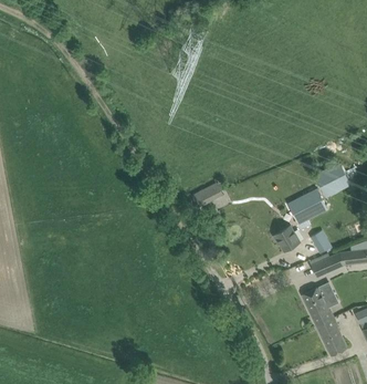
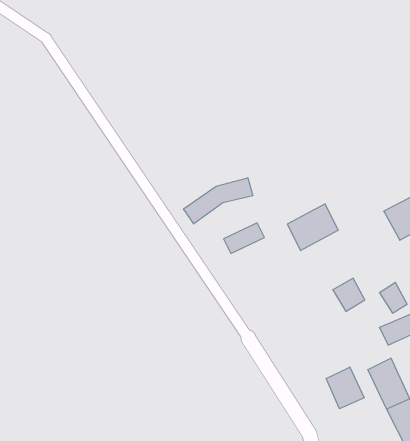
building: none -> [184,178,253,224]
building: [289,189,327,225] -> [287,204,338,250]
building: none -> [326,367,364,409]

